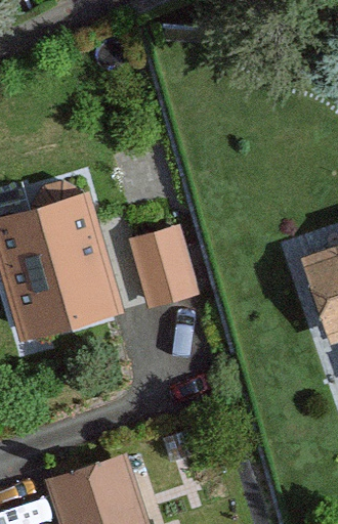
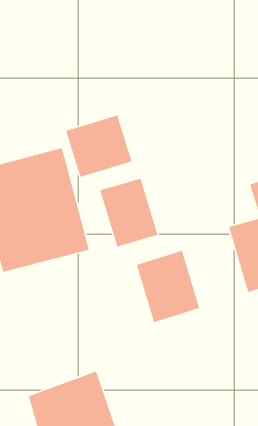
building: none -> [65,115,133,178]
building: none -> [136,250,200,323]

